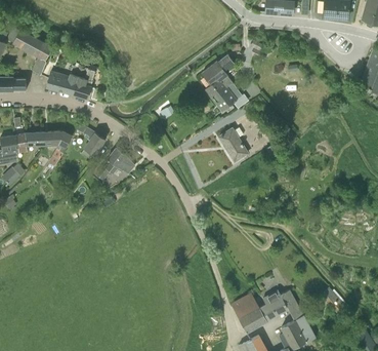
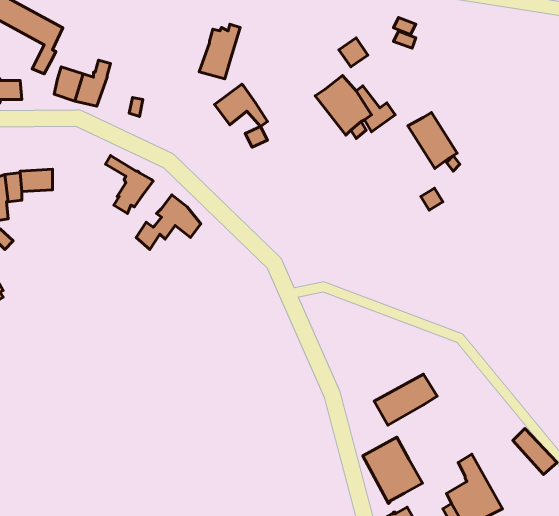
building: [200,60,232,85] -> [214,84,267,127]
building: [72,66,96,99] -> [199,24,240,79]
building: [218,128,248,162] -> [408,112,457,169]
building: [45,131,72,171] -> none
building: [259,290,297,321] -> [374,374,437,425]

